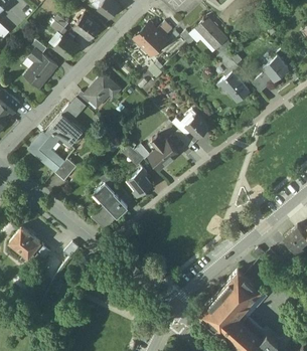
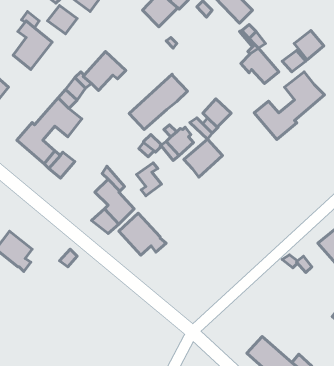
building: none -> [254,72,325,140]
building: none -> [129,74,187,130]
building: none -> [184,139,223,177]
building: none -> [119,213,166,255]
building: [199,271,260,334] -> none

